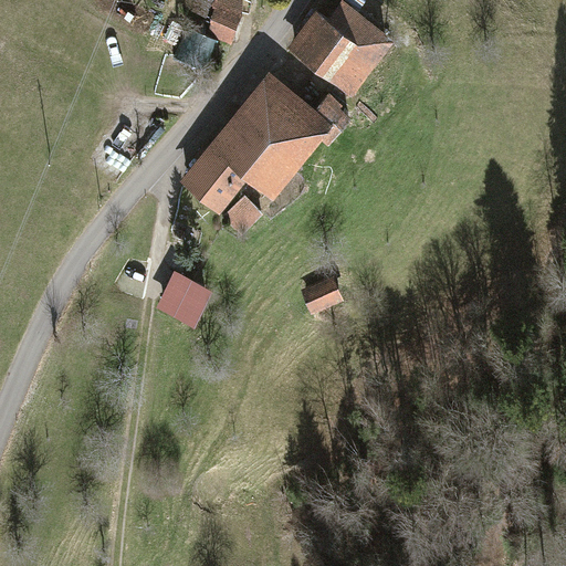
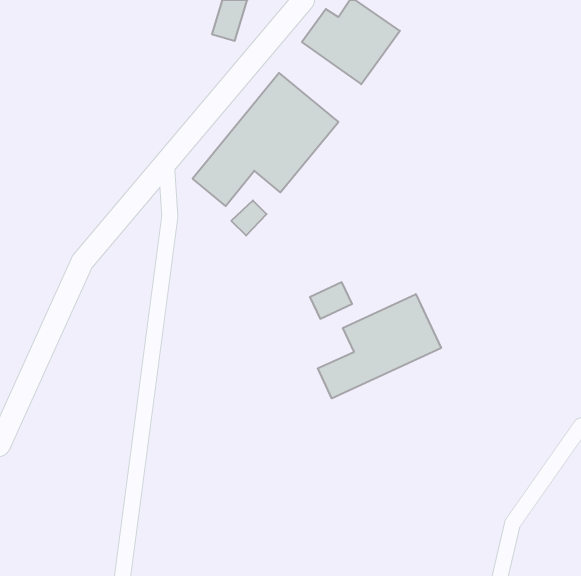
building: [158,275,206,321] -> none
building: none -> [318,294,441,398]

